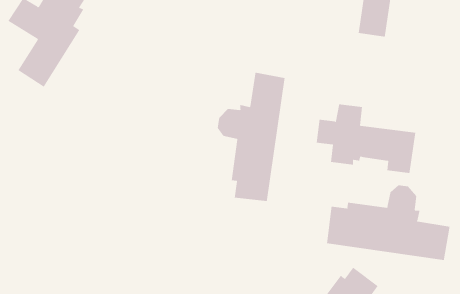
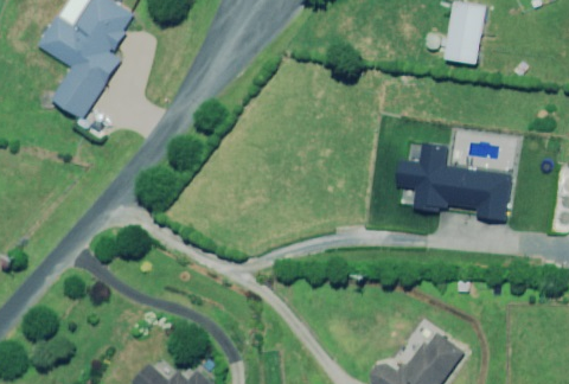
building: [217,72,285,202] -> none
building: [327,184,450,261] -> none

